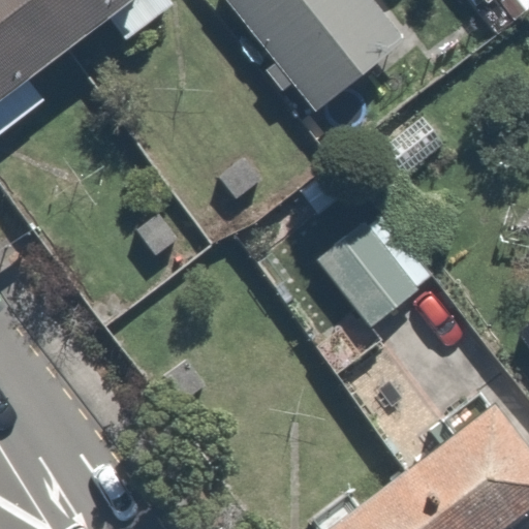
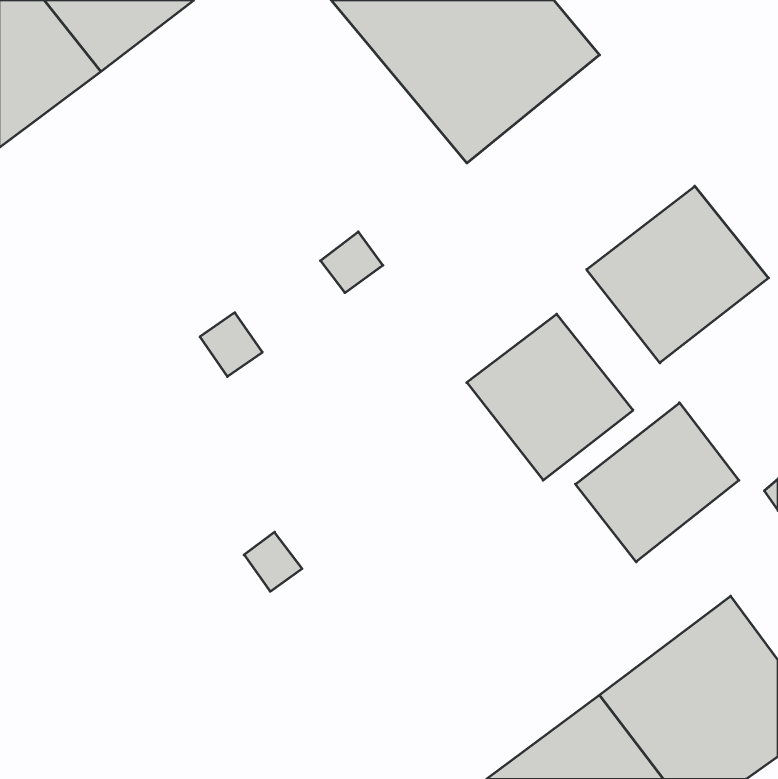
building: none -> [587,186,769,363]
building: none -> [575,403,739,562]

